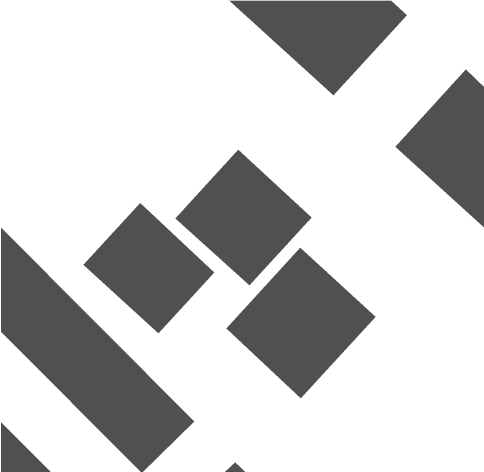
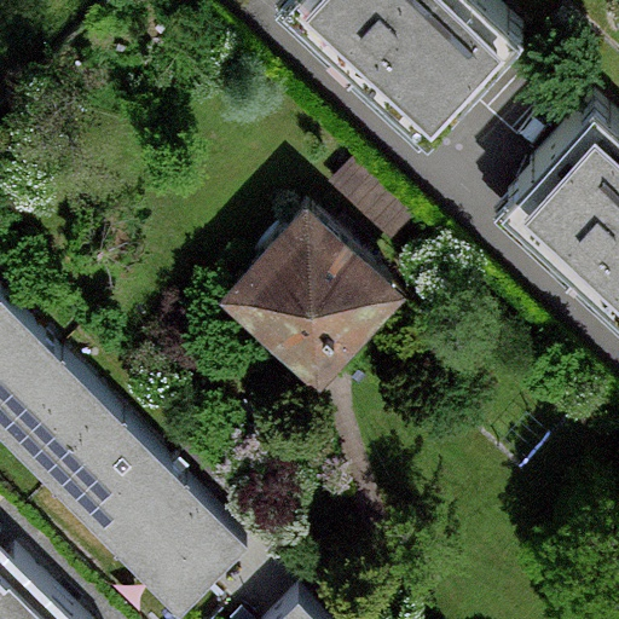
building: [83,202,215,334] -> none
building: [225,247,377,399] -> none

